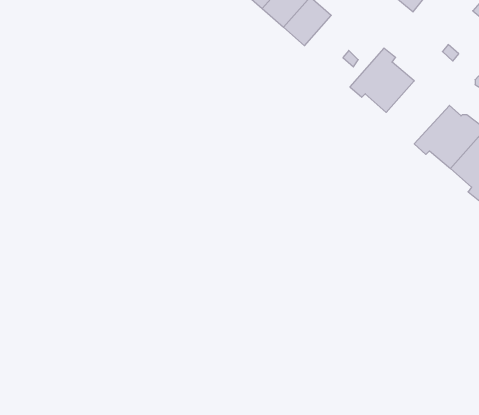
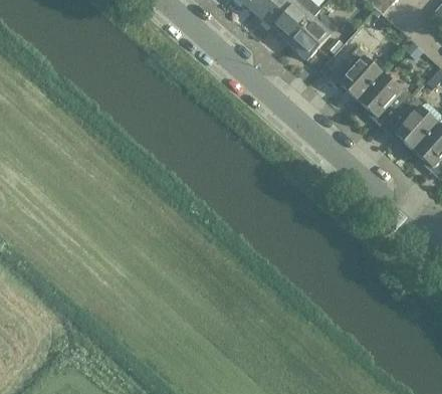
building: none -> [289,16,330,58]
building: none -> [360,72,414,127]

